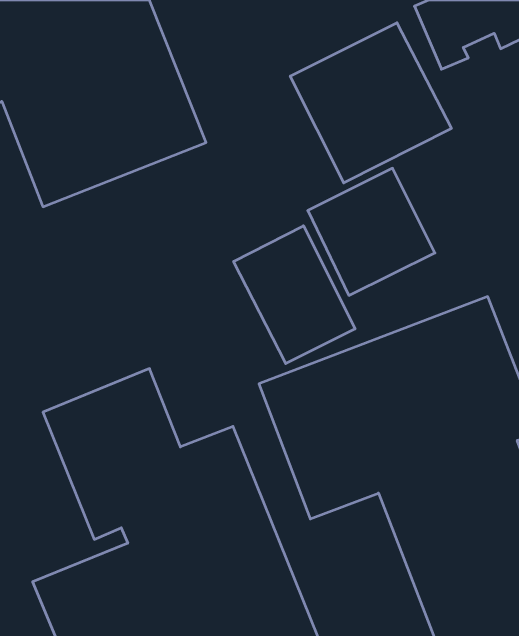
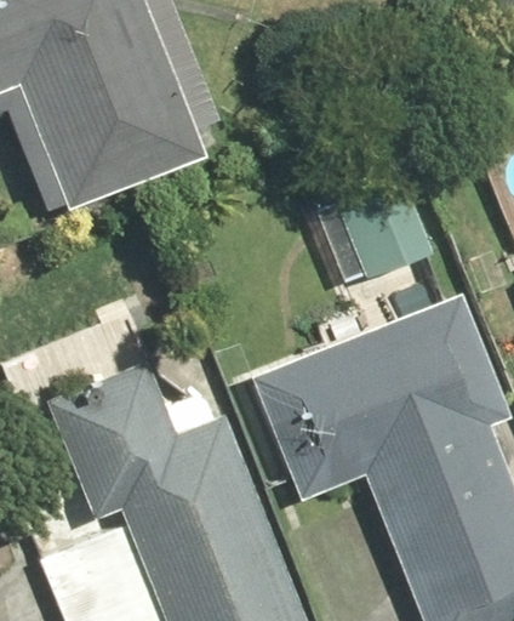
building: [290,23,451,183] -> none
building: [234,226,355,364] -> none

